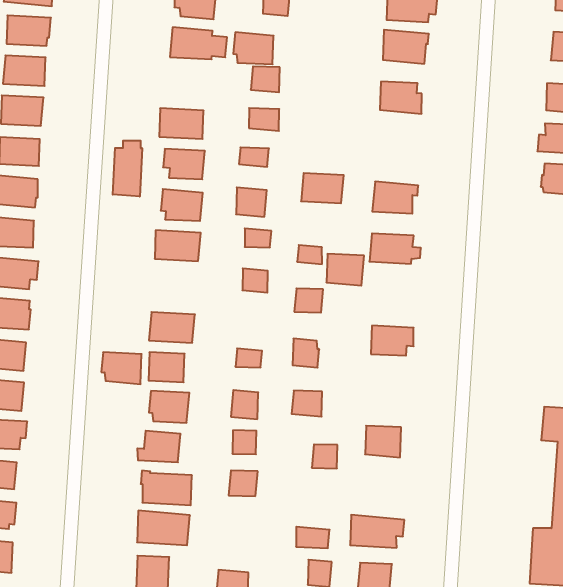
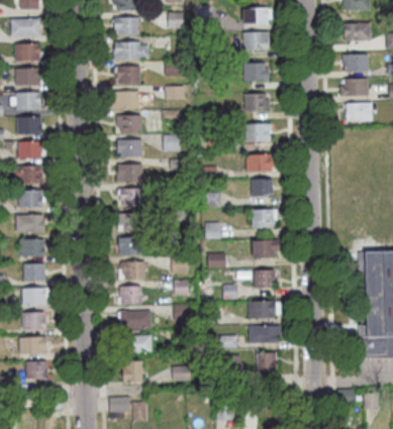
building: [233,32,274,64] -> [116,67,140,85]
building: [113,141,142,197] -> none
building: [301,173,344,203] -> [244,94,269,112]
building: [326,254,364,286] -> [251,179,273,197]
building: [101,352,142,384] -> [119,189,143,207]
building: none -> [252,241,279,259]
building: none -> [248,302,281,319]

